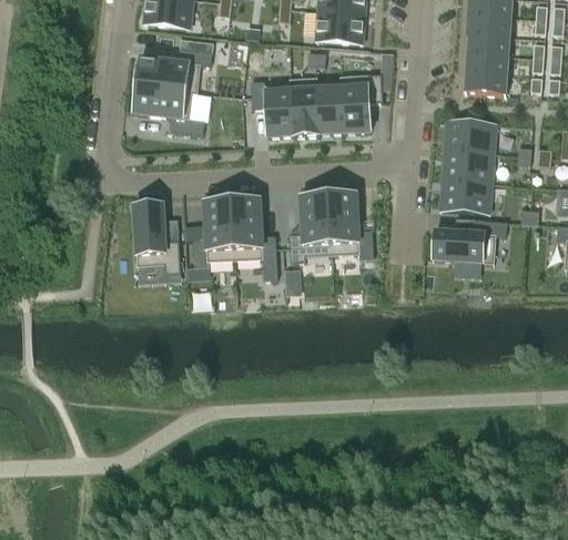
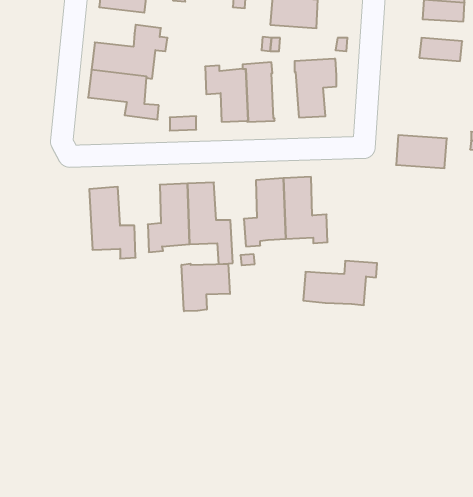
building: [467,33,509,55] -> none
building: [464,72,506,94] -> none
building: [316,86,344,133] -> none
building: [444,120,495,153] -> none
building: [439,180,490,213] -> none
building: [432,218,506,263] -> [303,261,377,305]
building: none -> [182,264,230,311]

